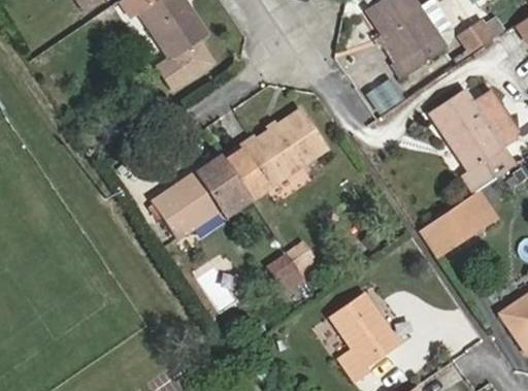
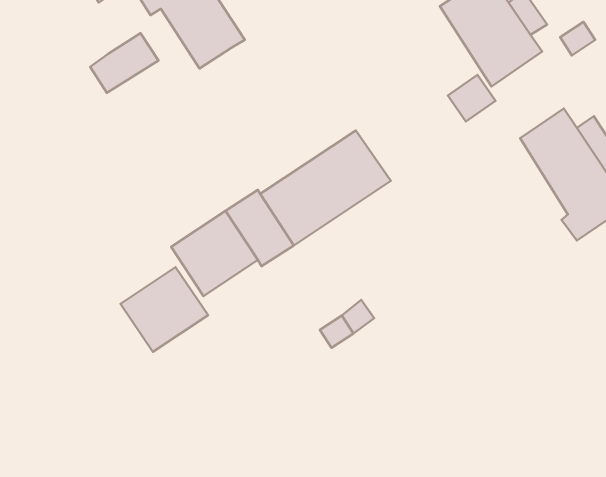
building: [158,42,212,90] -> [90,33,159,93]
building: [418,196,490,259] -> none
building: none -> [121,267,208,352]
building: [337,291,401,378] -> none

